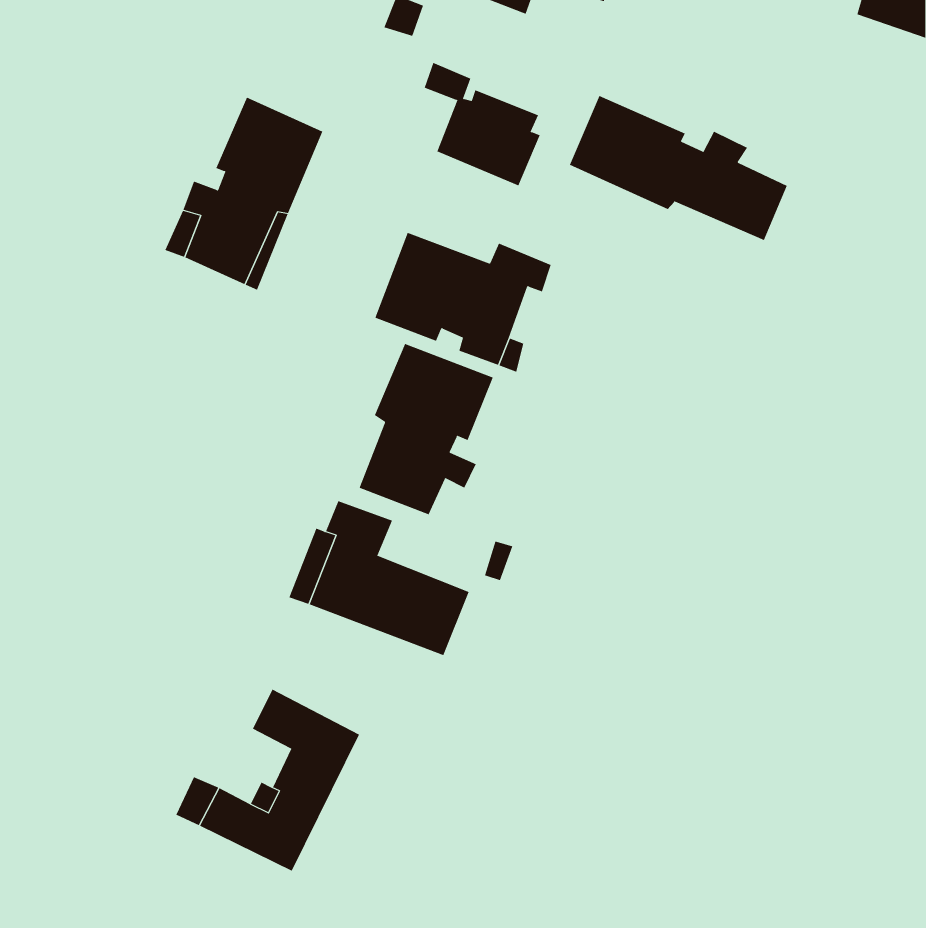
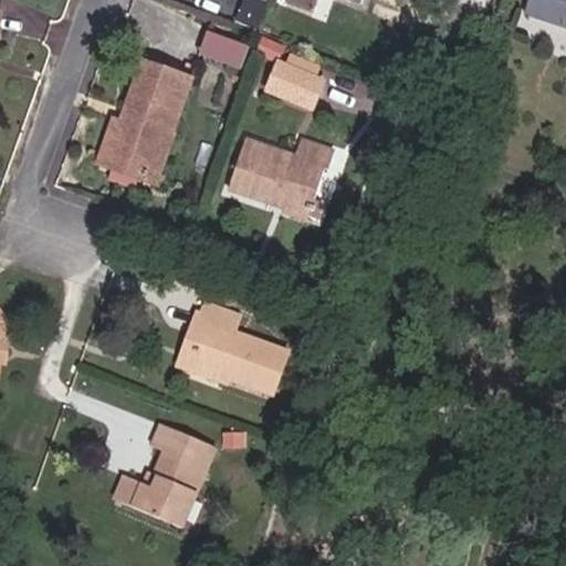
building: none -> [200,27,252,65]
building: [569,95,788,241] -> none
building: [359,343,494,515] -> none

